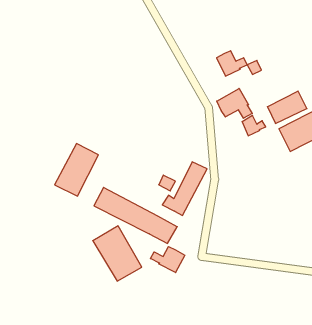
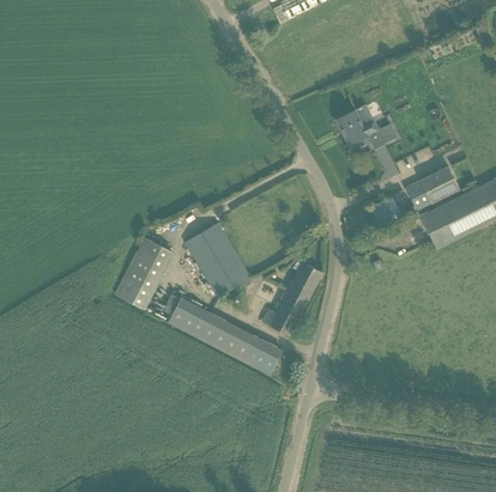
building: [217,88,252,118] -> none
building: [93,226,142,281] -> [183,221,250,297]
building: [150,247,185,273] -> none

